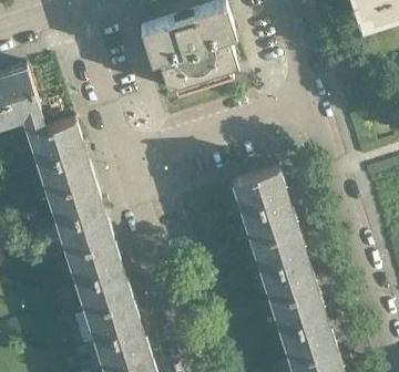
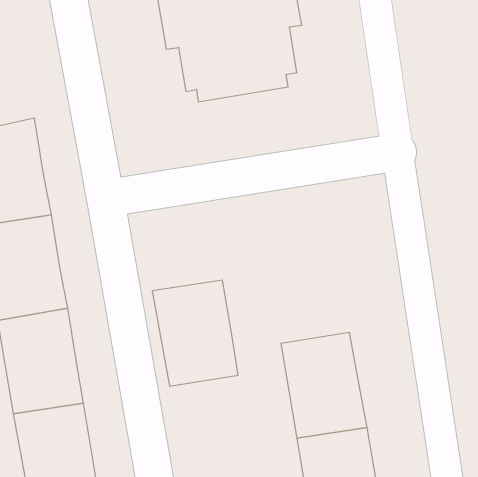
building: [233,173,296,246] -> [152,280,238,386]

